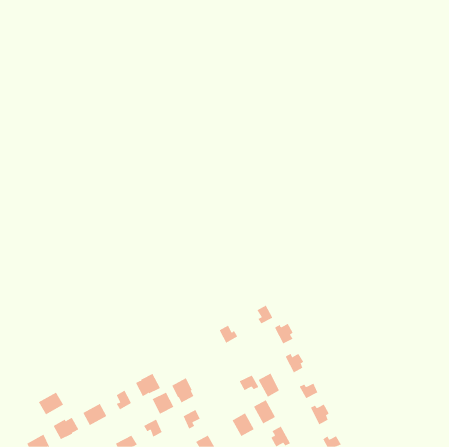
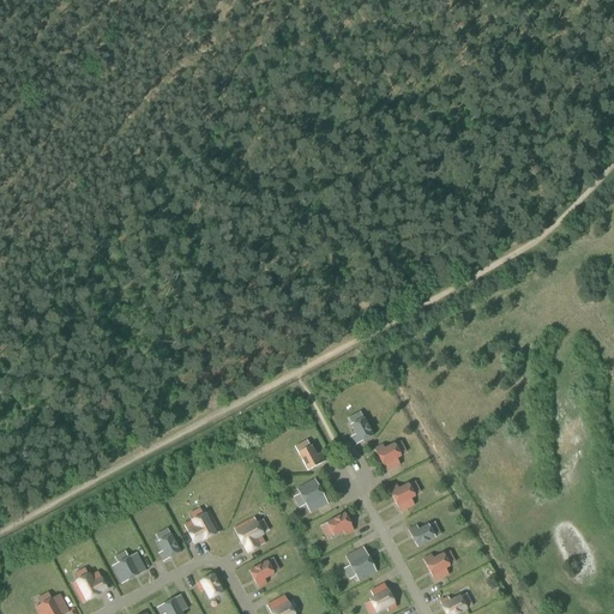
building: [258,373,280,397] -> [297,477,327,511]
building: [38,392,64,415] -> none
building: [152,392,174,414] -> none
building: [232,413,254,437] -> none

